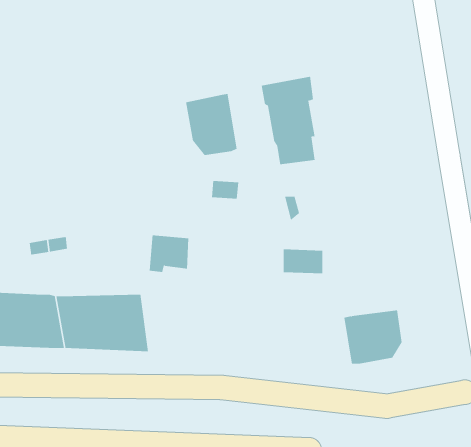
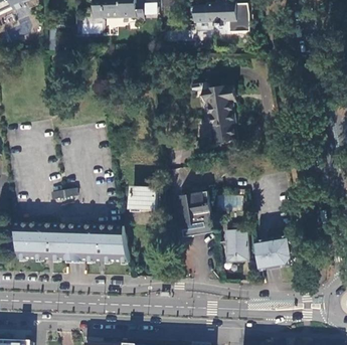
building: [185,93,237,156] -> none
building: none -> [176,191,211,237]
building: none -> [224,229,245,260]

